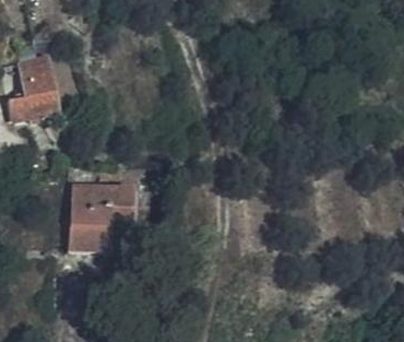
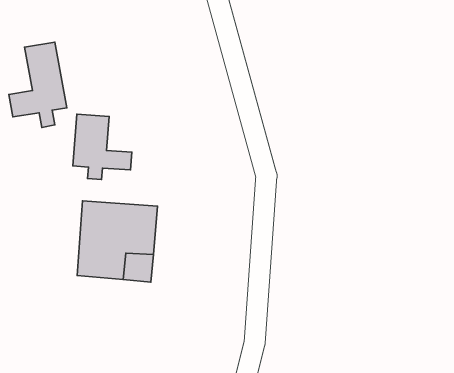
building: none -> [73,114,132,180]

